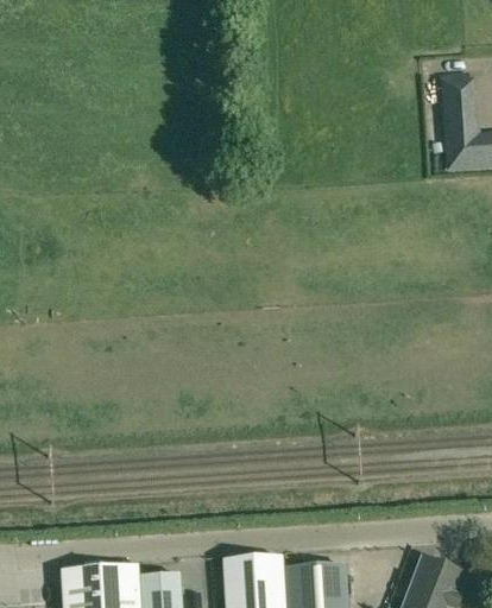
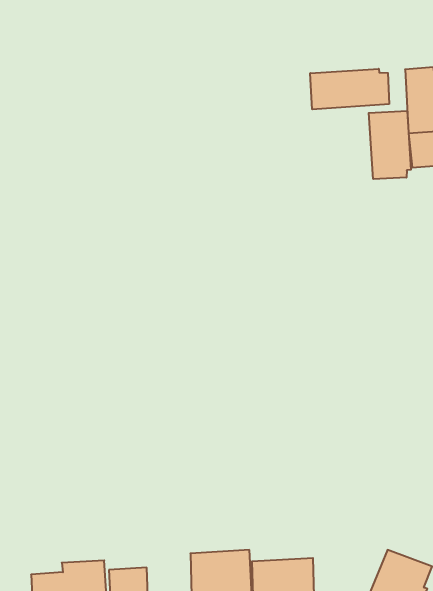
building: none -> [310,69,389,109]
building: none -> [369,111,411,179]

